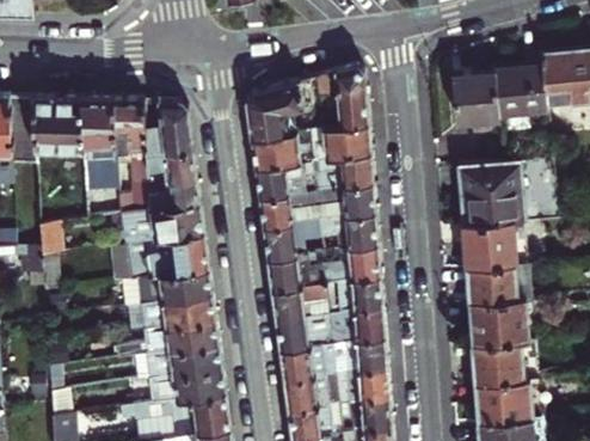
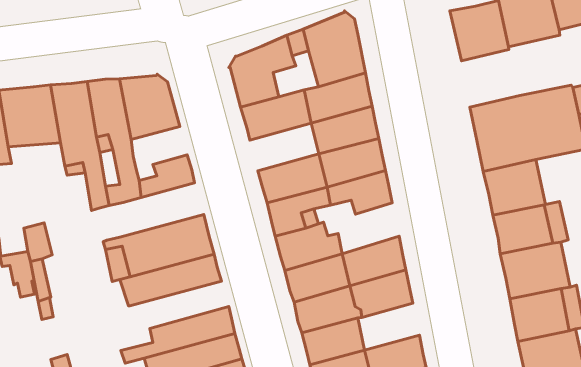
building: [147,149,196,180] -> none
building: [254,161,315,198] -> none
building: [122,202,204,243] -> none
building: [324,243,379,283] -> none
building: [127,294,216,330] -> none
building: [332,336,386,373] -> none

